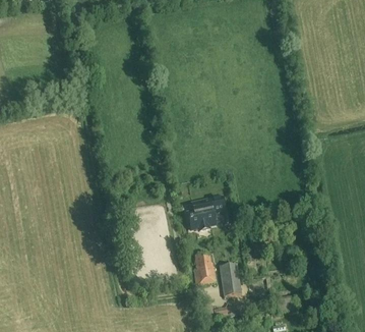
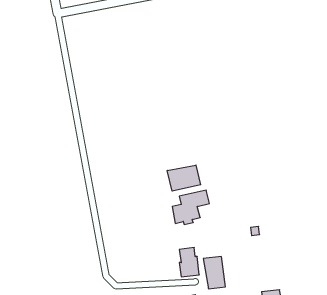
building: none -> [167,165,201,191]

